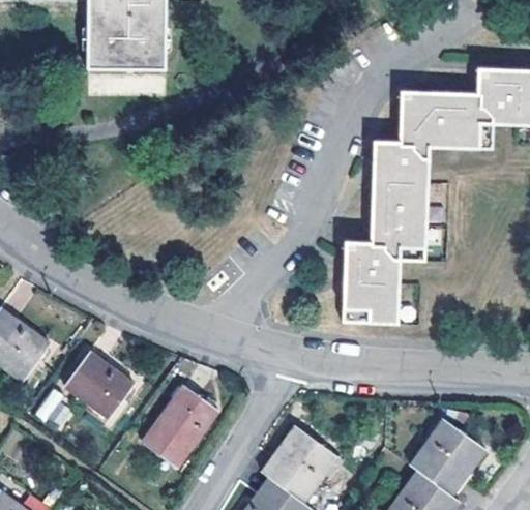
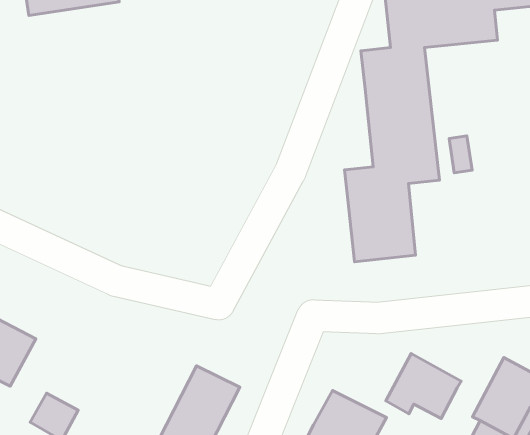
building: [67,353,136,419] -> none
building: none -> [386,354,461,419]

